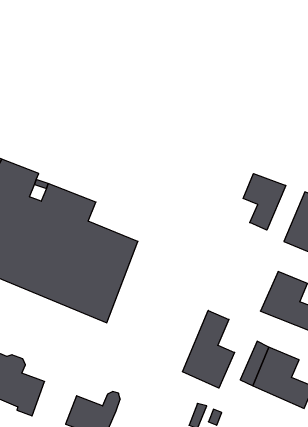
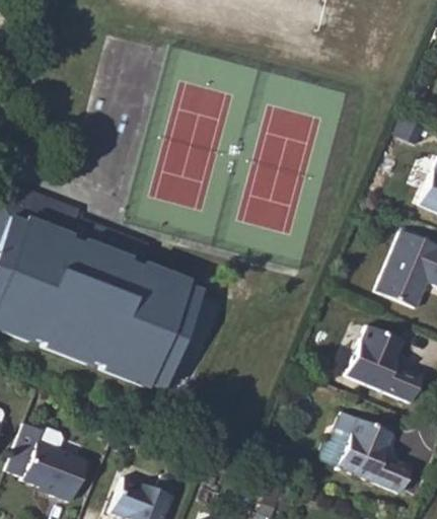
building: [243,174,286,230] -> none
building: [182,310,235,388] -> none

